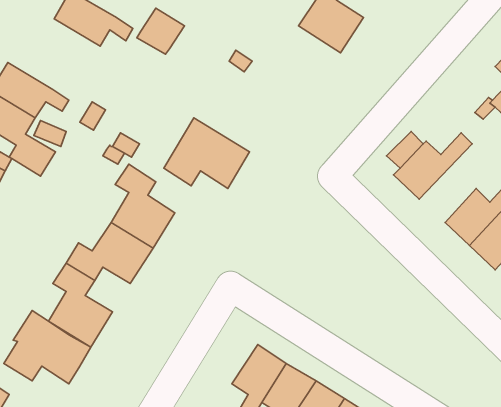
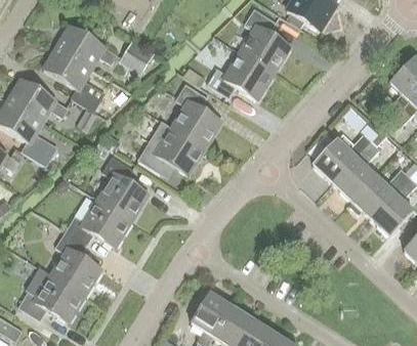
building: none -> [44,46,105,110]
building: none -> [207,51,273,98]
building: none -> [172,83,221,146]
building: none -> [332,140,380,200]

